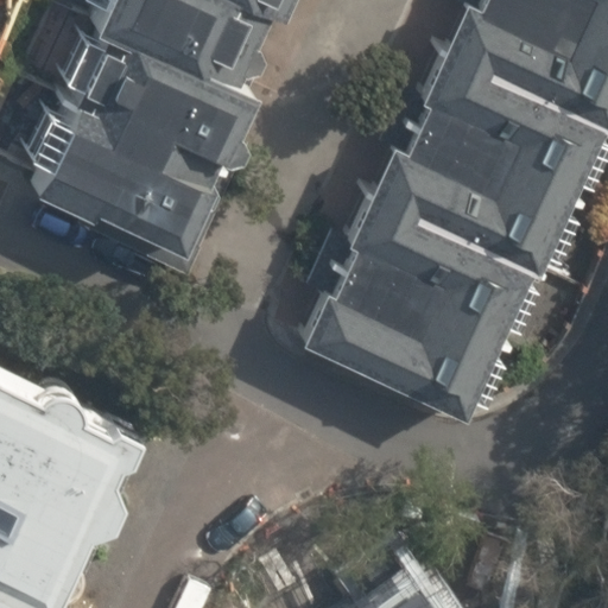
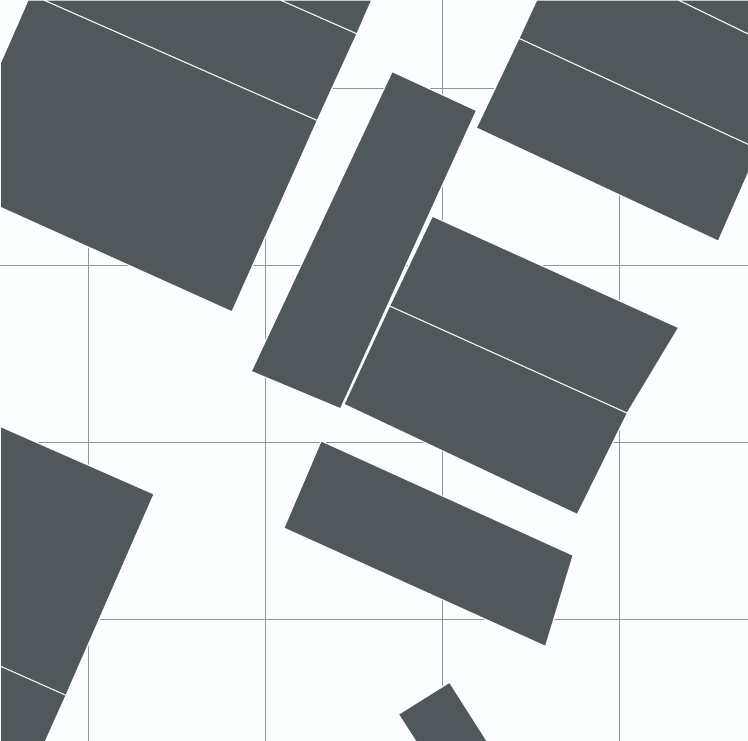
building: none -> [251,72,476,409]
building: [352,112,583,273] -> none
building: none -> [284,441,573,646]

